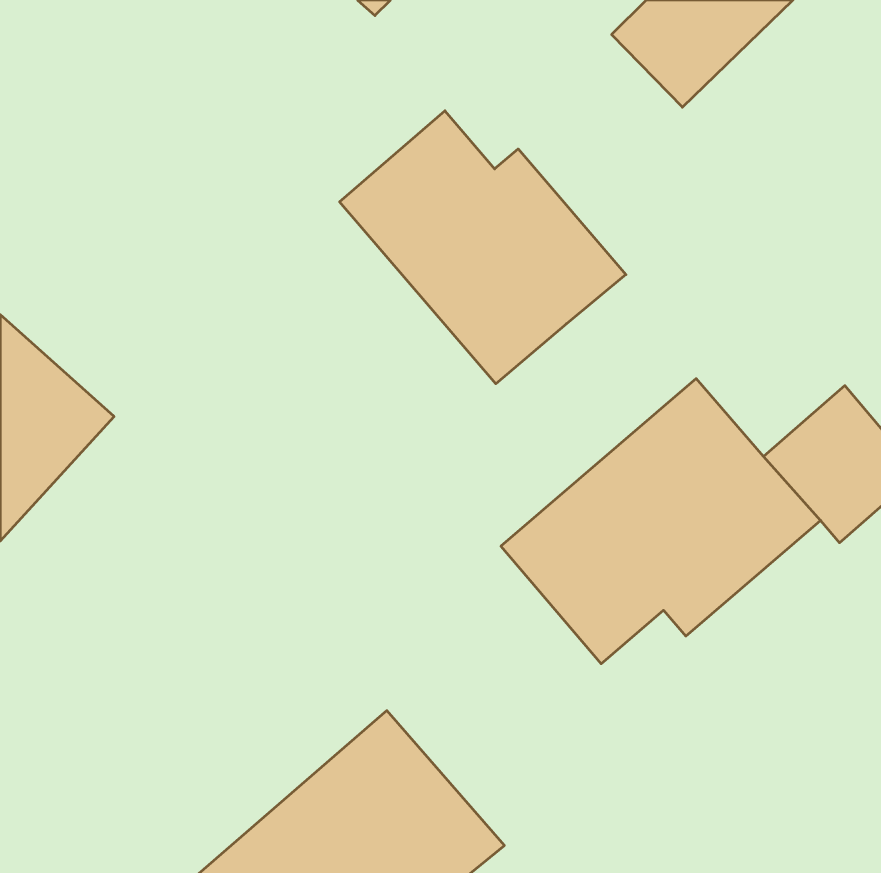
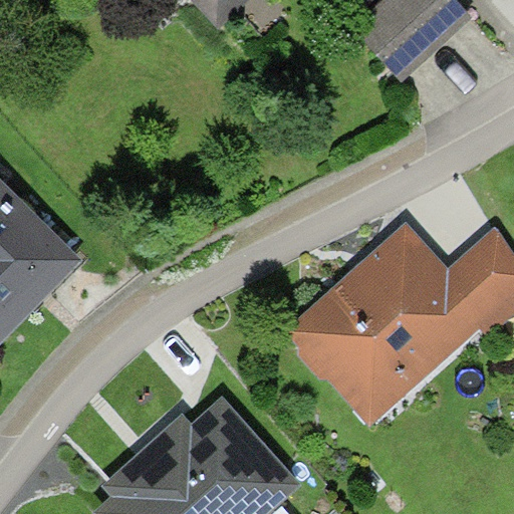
building: [340,111,626,384] -> none

